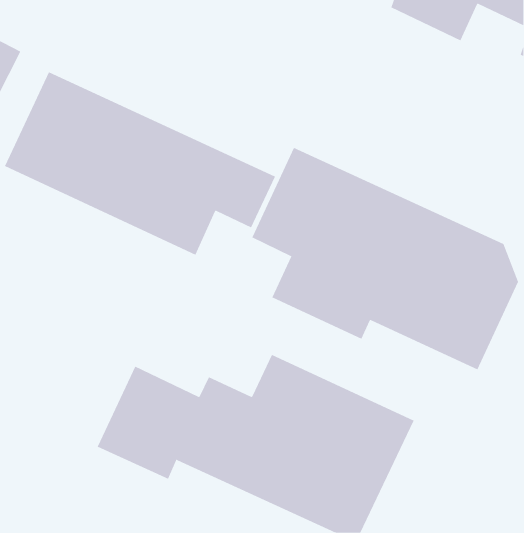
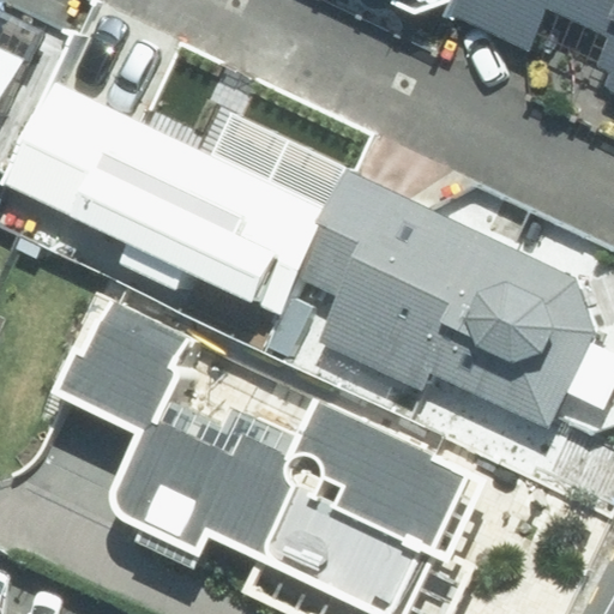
building: none -> [60,297,187,426]

